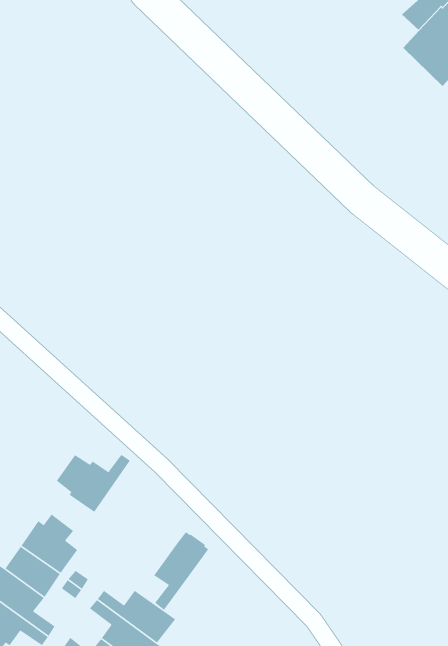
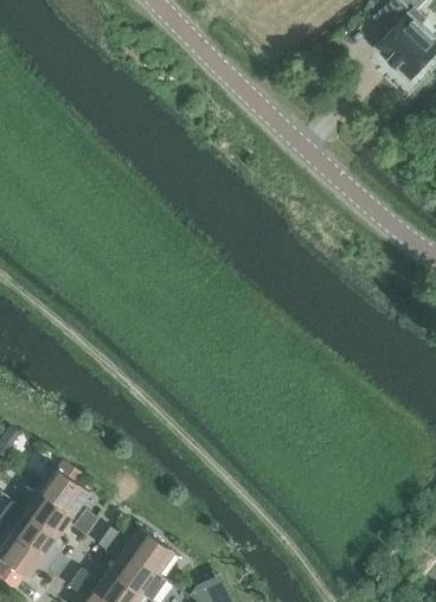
building: [56,454,131,513] -> none
building: [153,531,209,611] -> none

